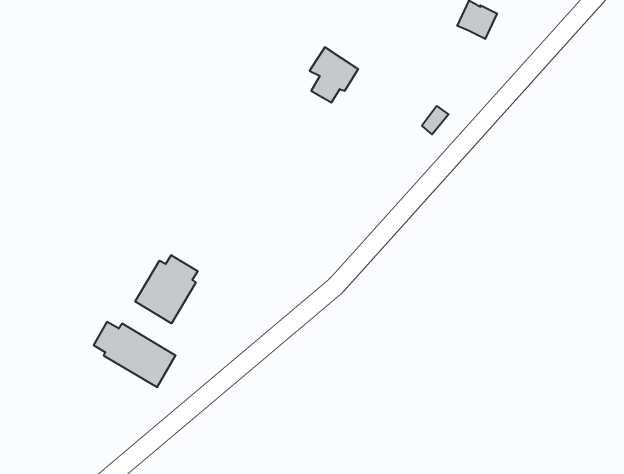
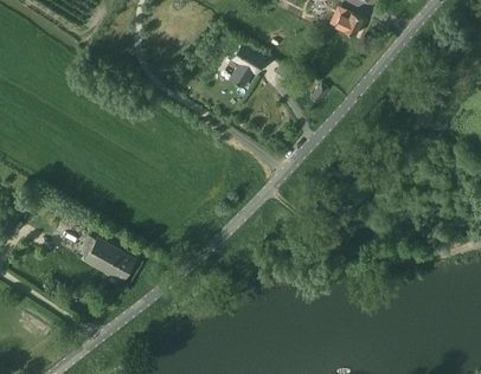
building: [135,255,198,323] -> none

